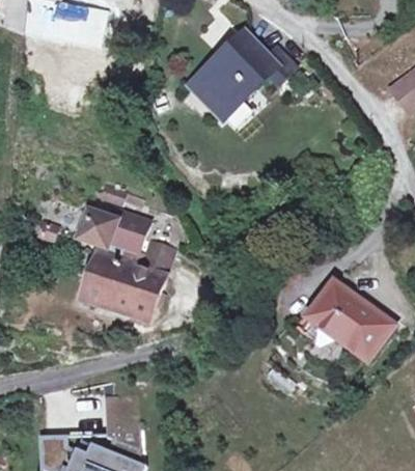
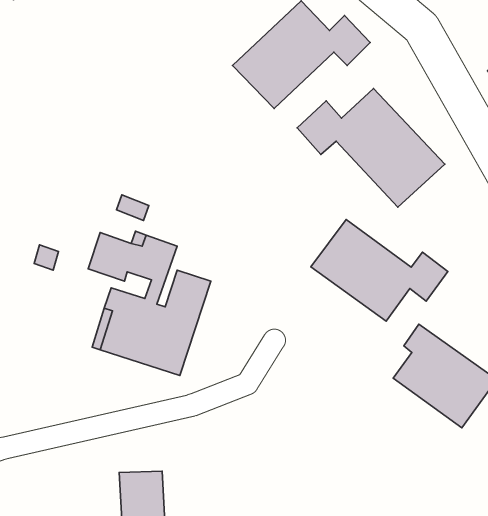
building: none -> [297,88,445,207]
building: none -> [311,220,448,321]

